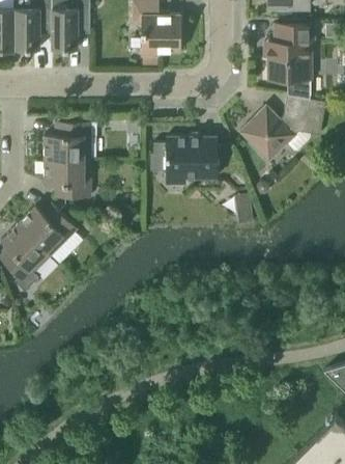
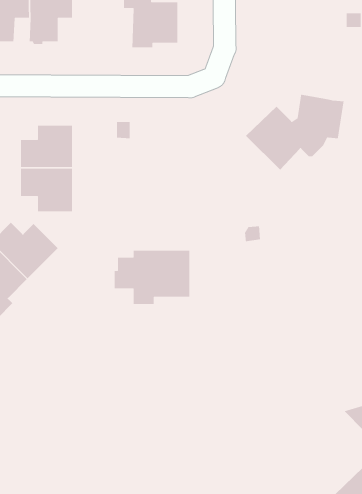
building: [268,24,314,99] -> none
building: [150,136,217,184] -> [114,250,190,305]

